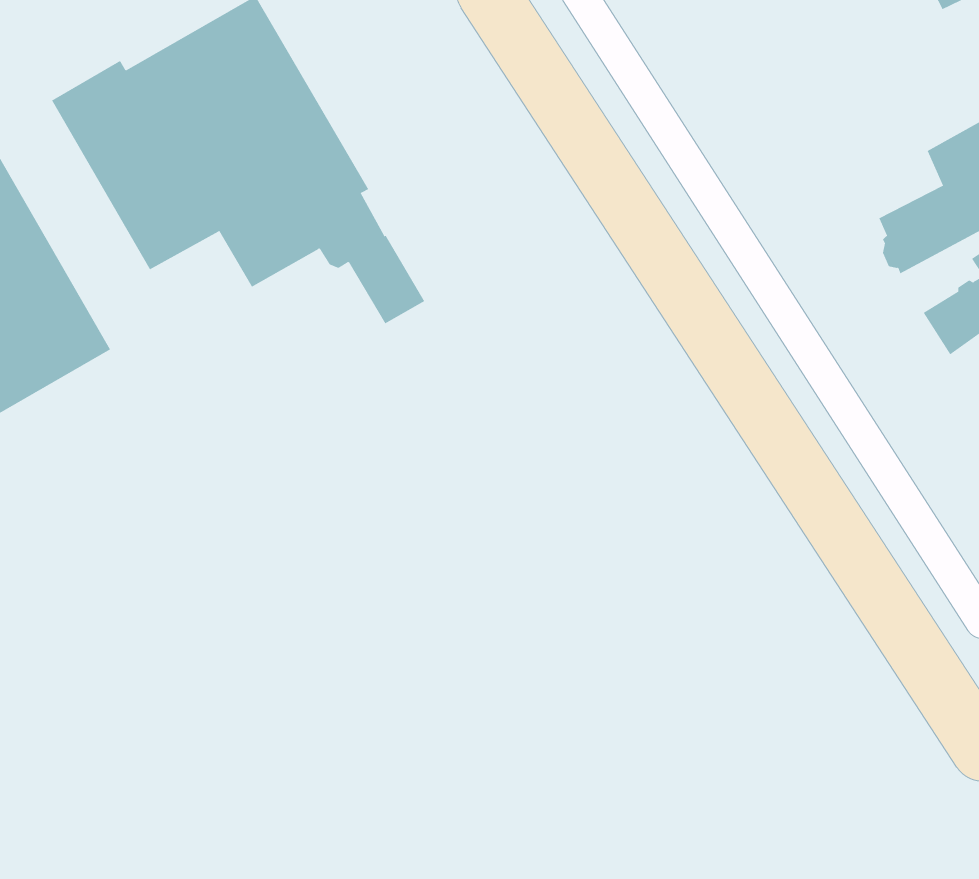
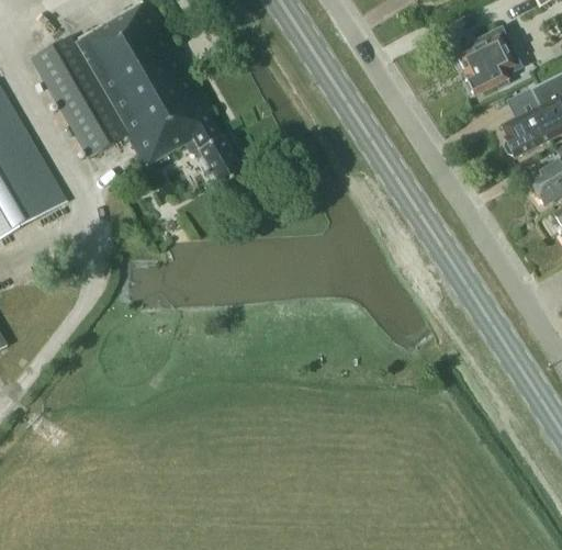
building: none -> [458,26,517,96]

